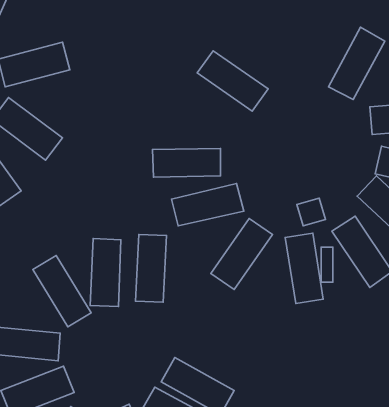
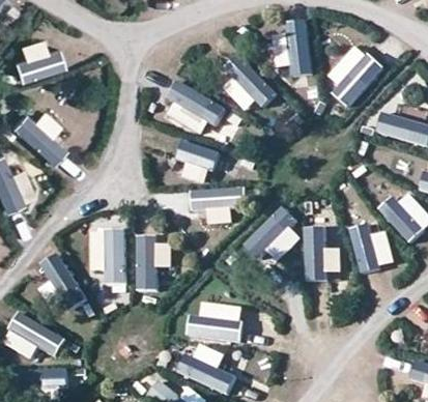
building: none -> [272,18,315,88]
building: none -> [162,73,231,132]
building: none -> [183,311,251,339]

